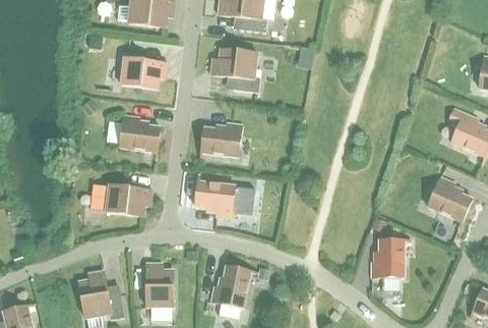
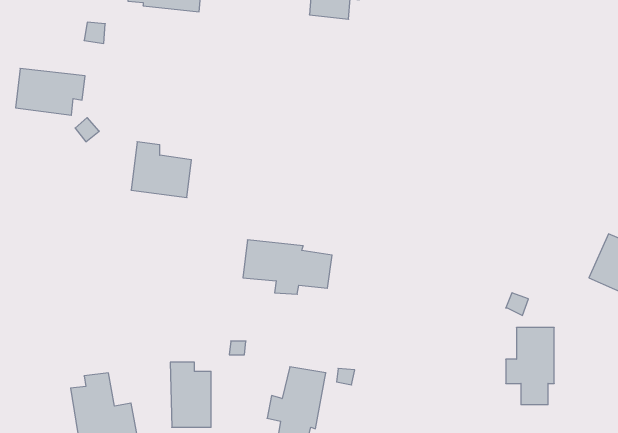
building: [210,47,259,91] -> none
building: [120,56,167,88] -> [16,68,85,115]
building: [200,121,242,155] -> none
building: [89,182,151,214] -> none

